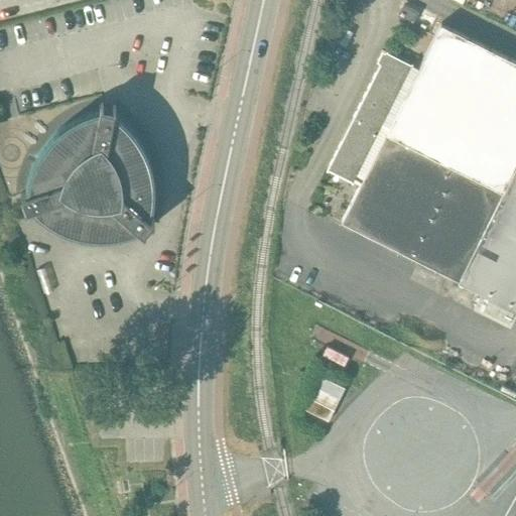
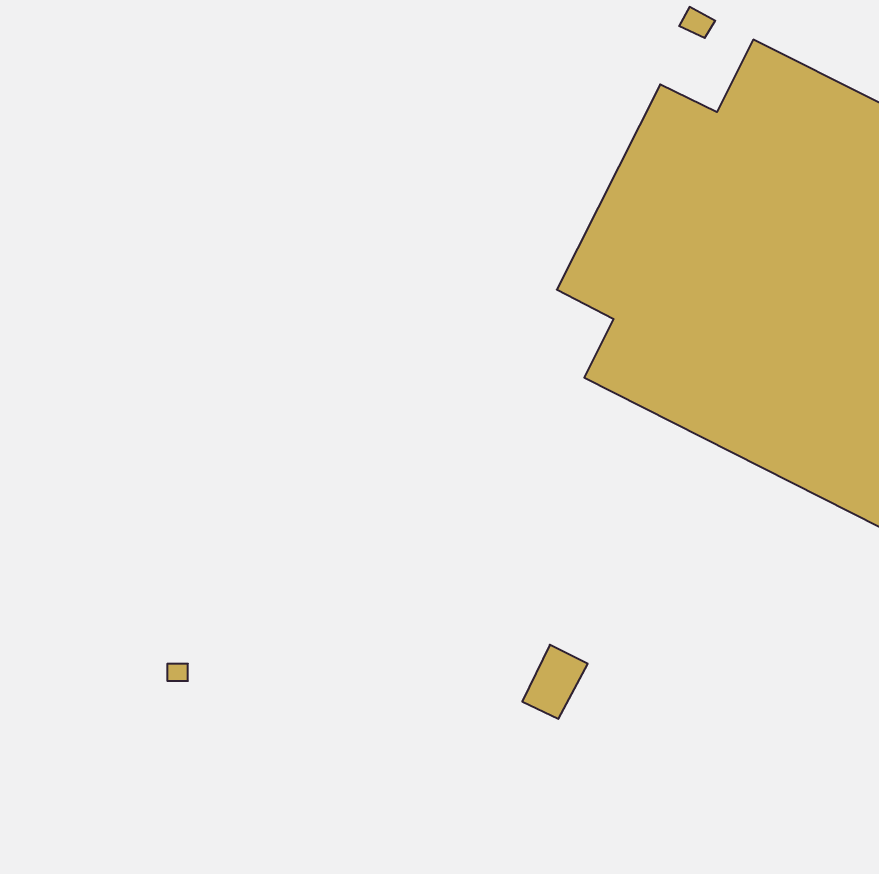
building: [21,107,155,240] -> none

